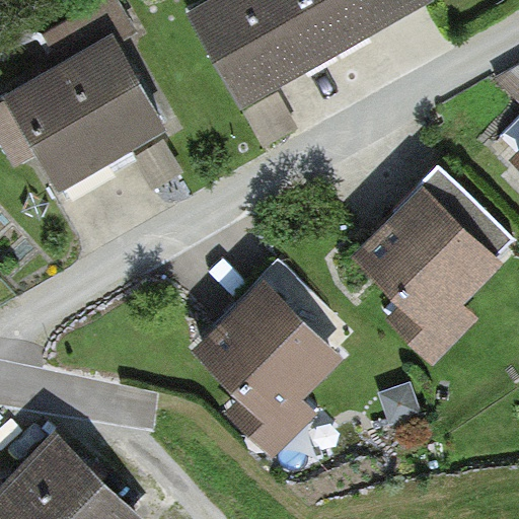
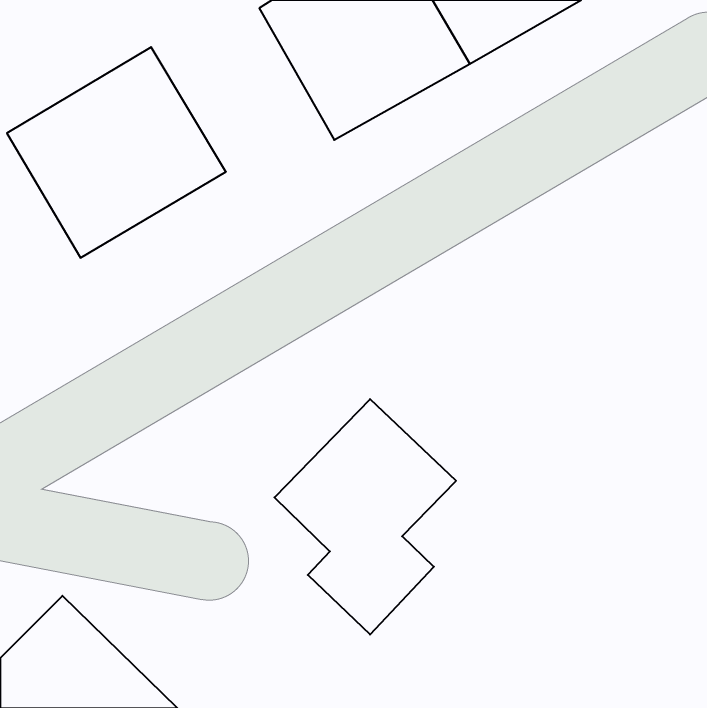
building: [365,205,495,374] -> none

